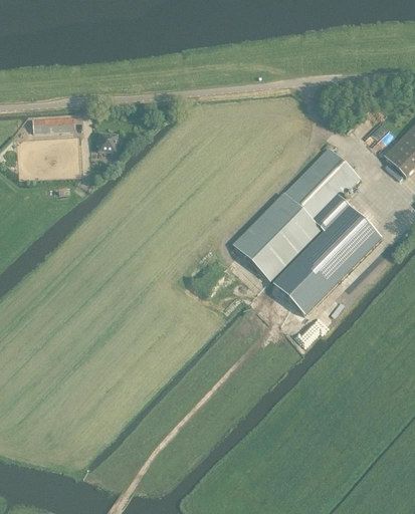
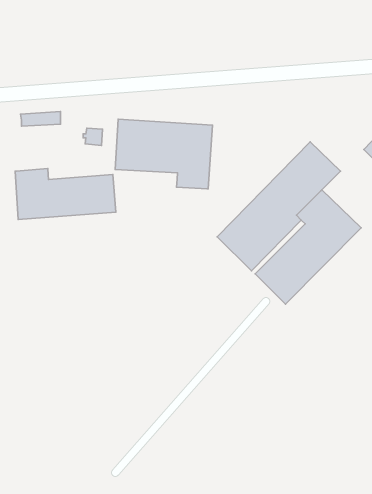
building: none -> [115,119,213,189]
building: none -> [15,169,116,219]

